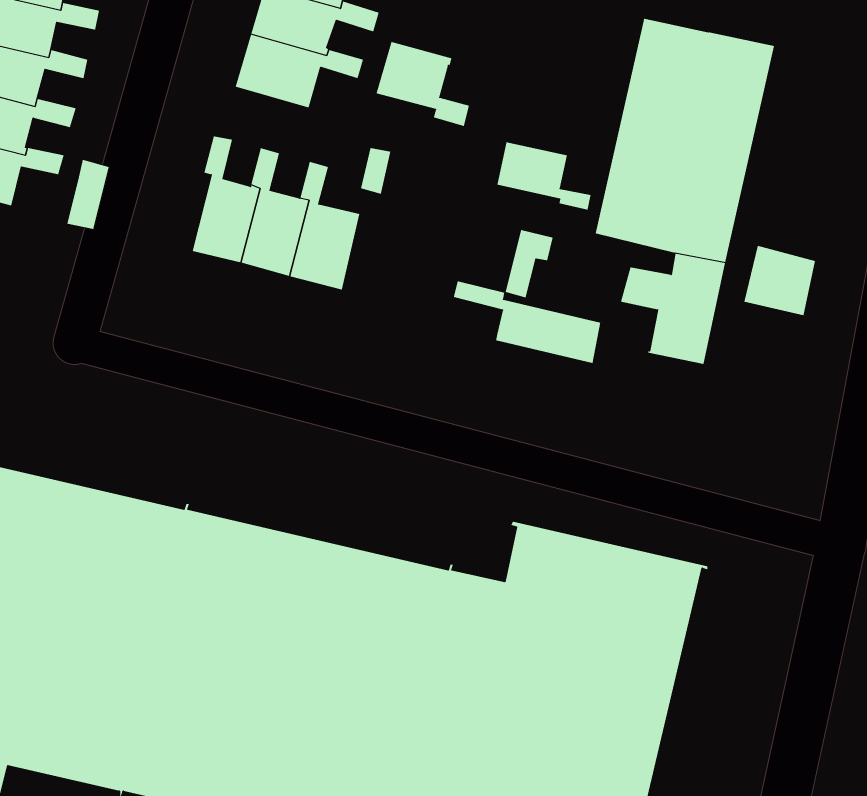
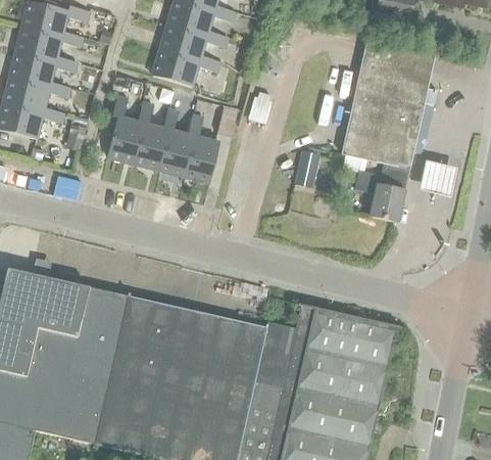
building: [376,41,470,127] -> none
building: none -> [106,94,140,162]
building: [497,142,591,211] -> none
building: [453,280,601,364] -> none

